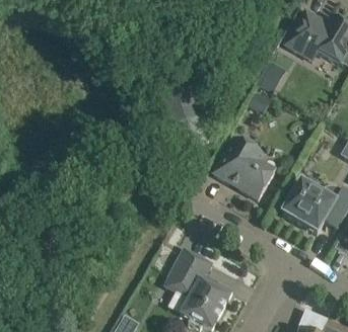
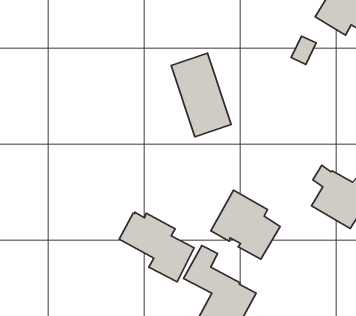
building: [213,137,275,198] -> [211,190,280,259]
building: none -> [119,212,194,282]

